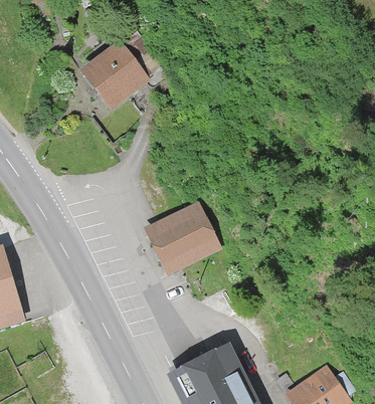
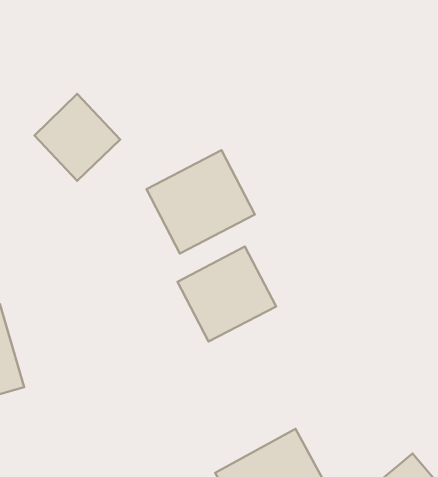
building: [78,47,145,115] -> [34,94,120,181]
building: none -> [146,150,255,253]

